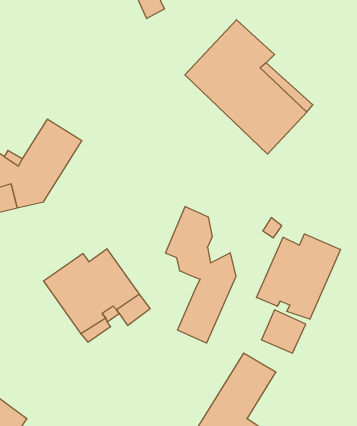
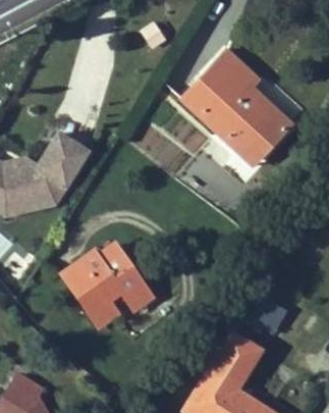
building: [166,206,236,343] -> none
building: [256,234,341,319] -> none

